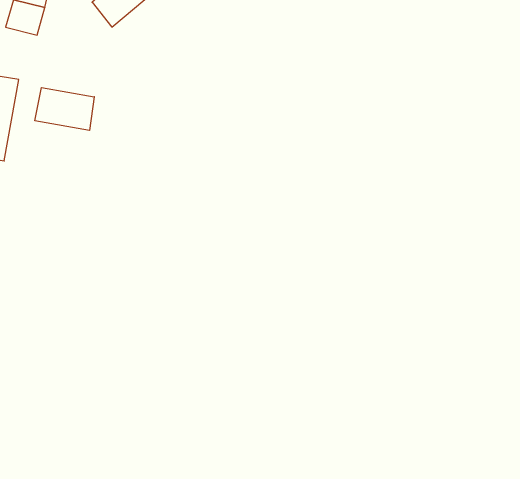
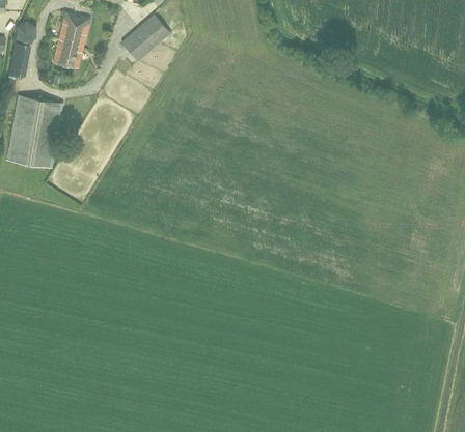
building: [35,88,94,130] -> none

